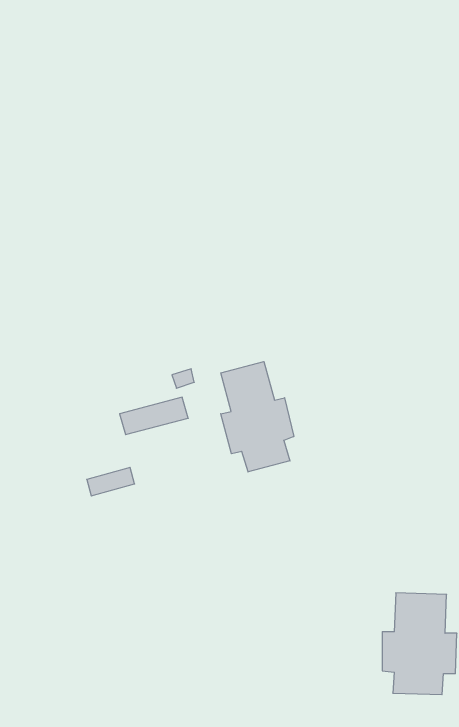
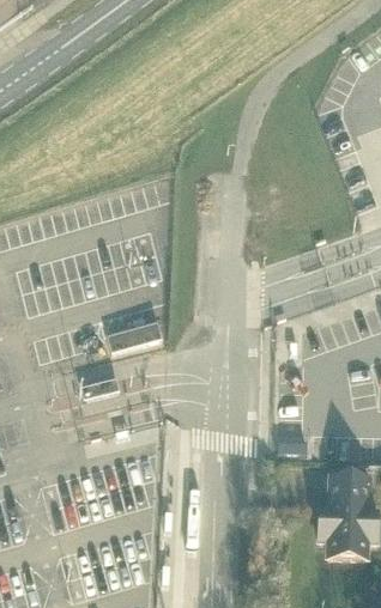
building: [221,362,294,472] -> none

